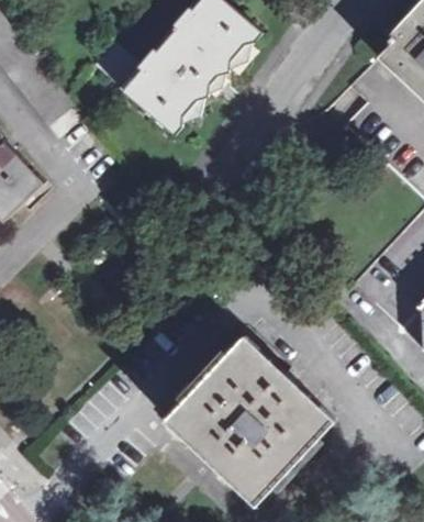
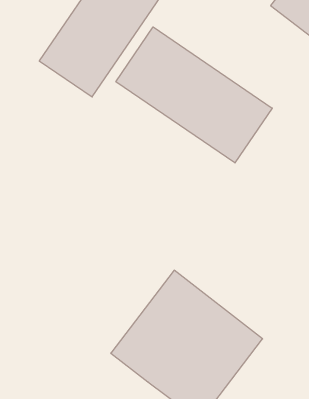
building: none -> [116,27,272,163]

